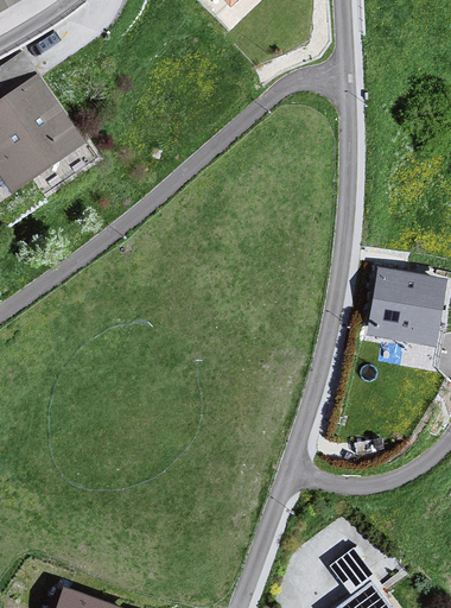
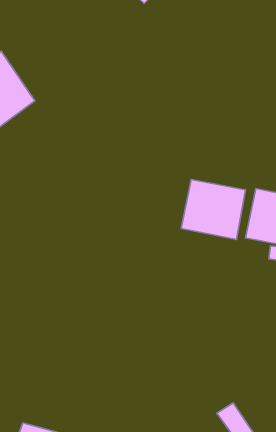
building: none -> [181,179,245,240]

